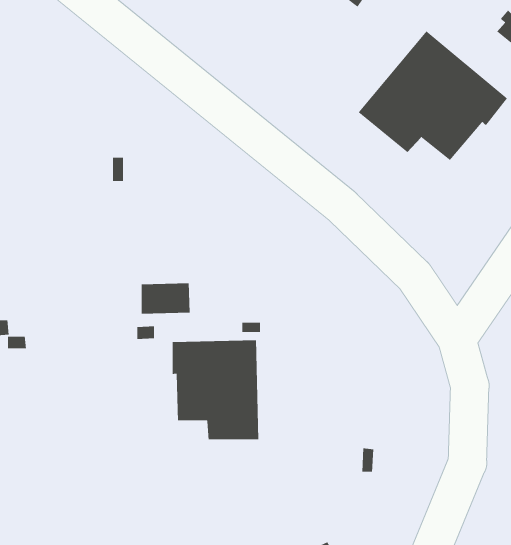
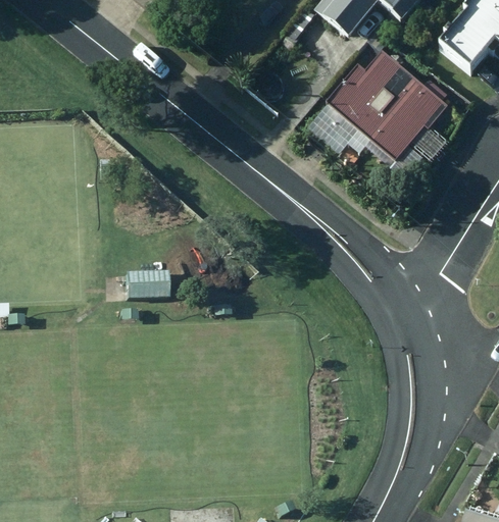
building: [172,340,259,440] -> none

